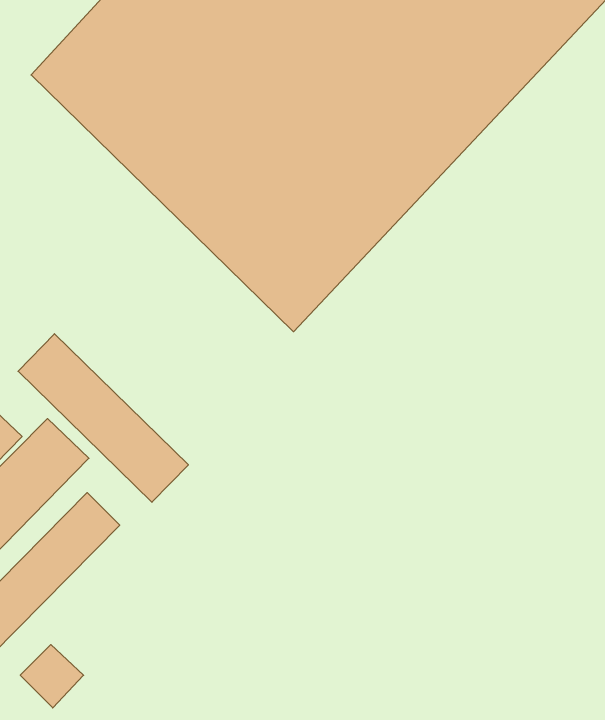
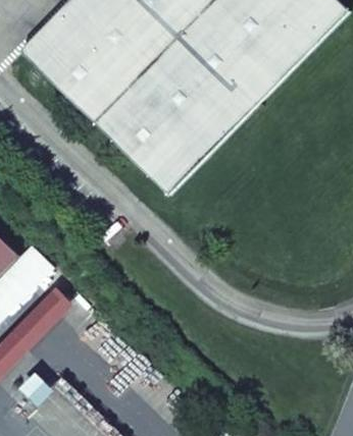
building: [18,334,188,502] -> none

